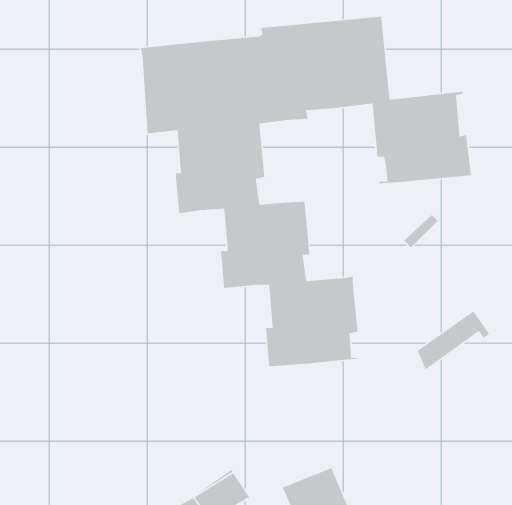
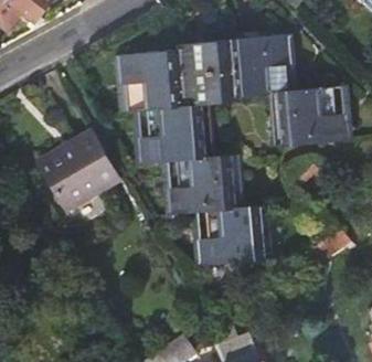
building: none -> [36,128,120,210]

